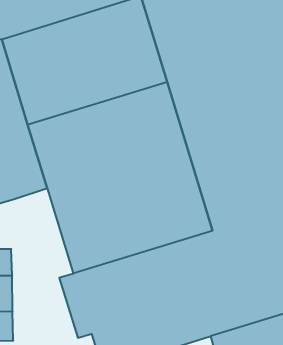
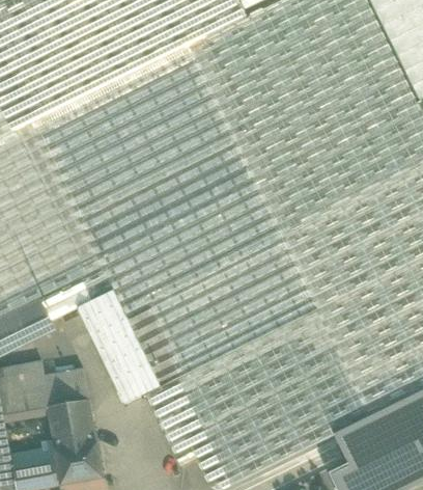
building: none -> [76,288,159,402]

